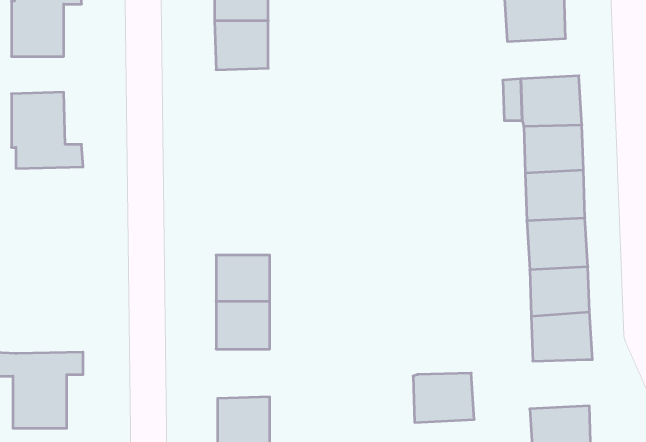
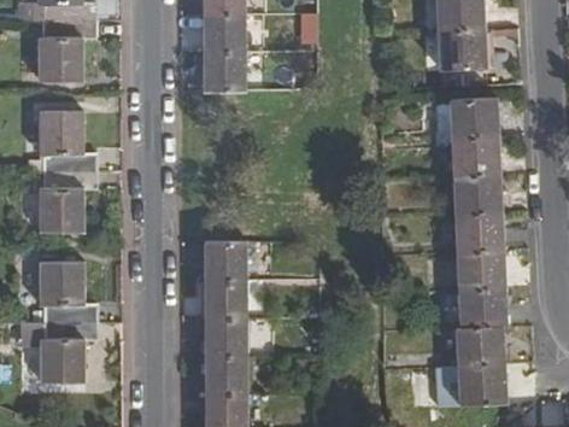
building: none -> [39,170,96,232]
building: none -> [40,262,96,321]
building: none -> [204,317,247,357]
building: [413,373,474,422] -> [456,326,505,365]

